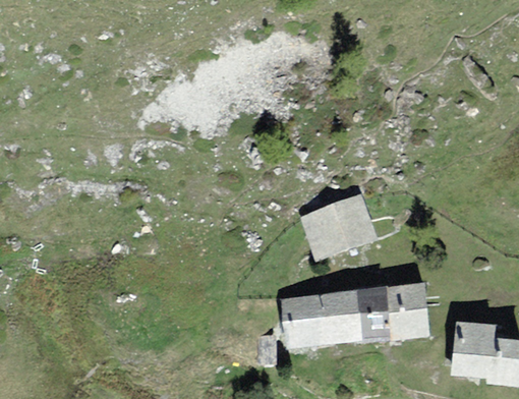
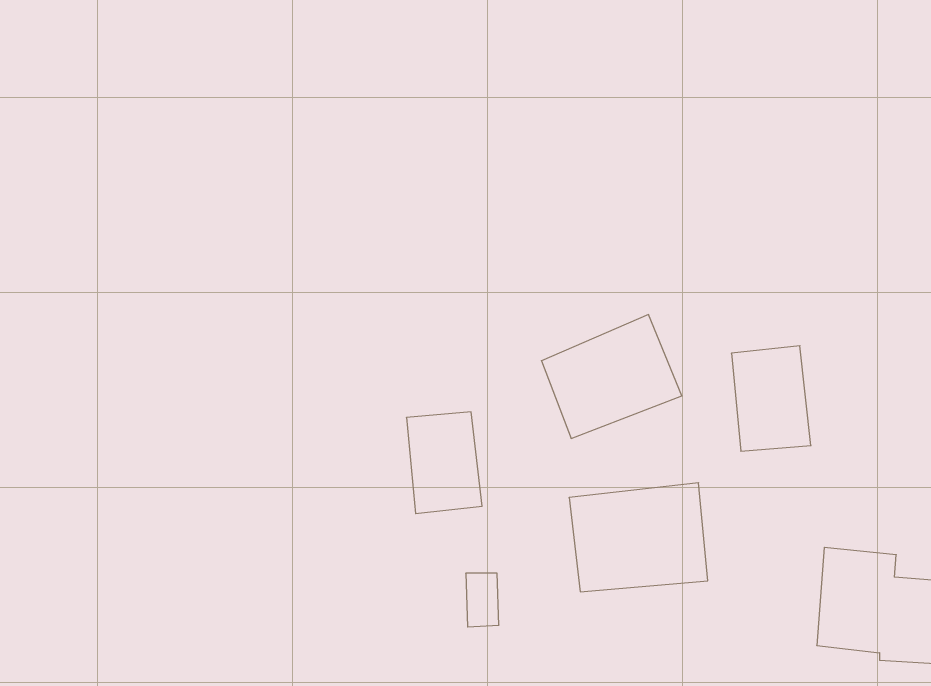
building: [387,281,430,339] -> [731,346,811,451]
building: [280,293,322,349] -> [406,412,482,514]

